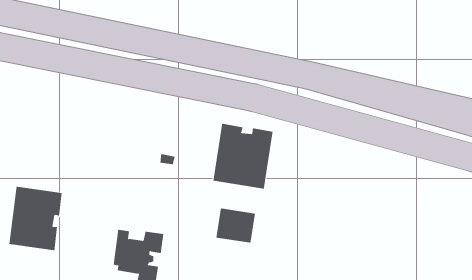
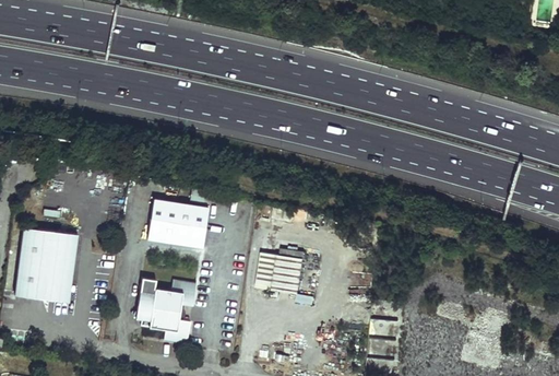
building: [213,123,273,190] -> none
building: none -> [145,200,206,247]

